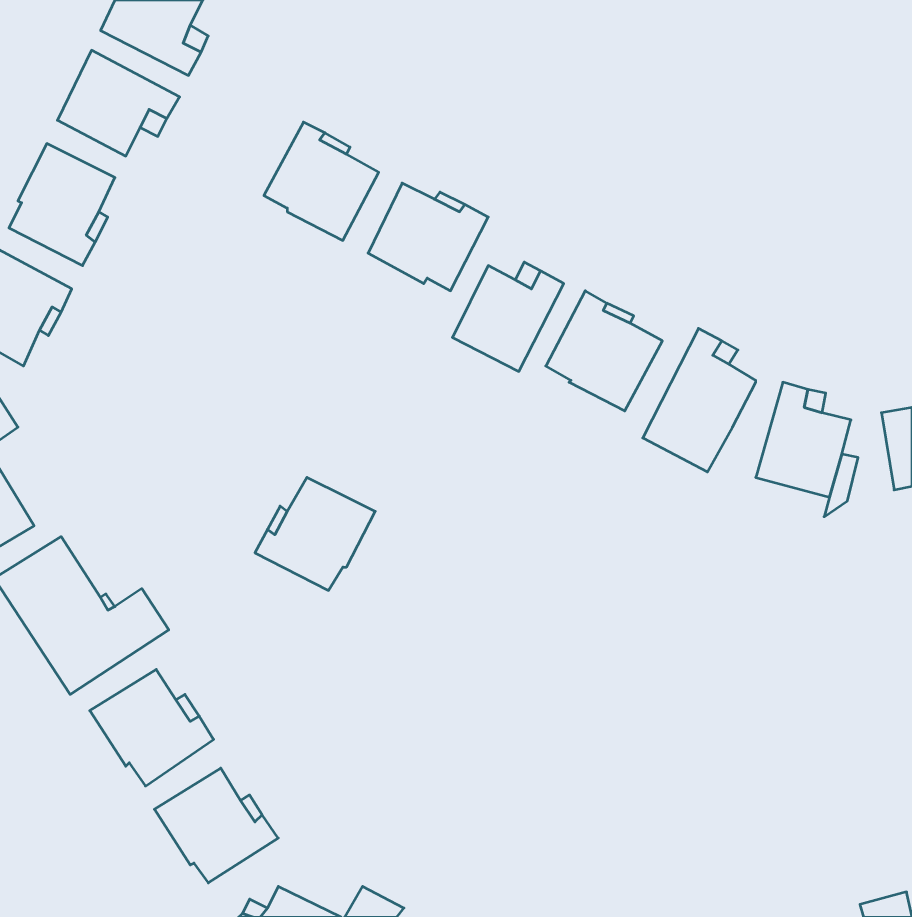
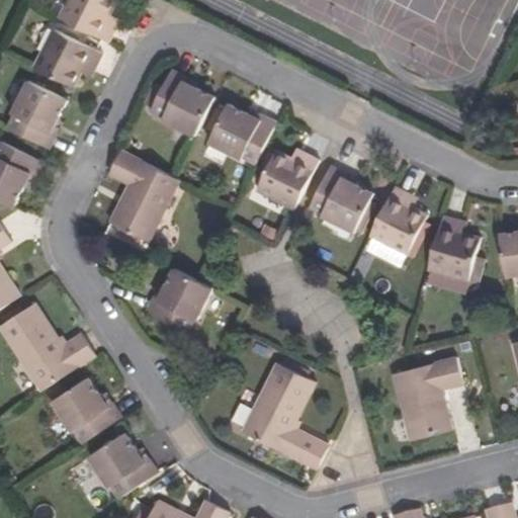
building: none -> [107,150,179,242]
building: none -> [392,357,462,440]
building: none -> [241,362,316,460]

